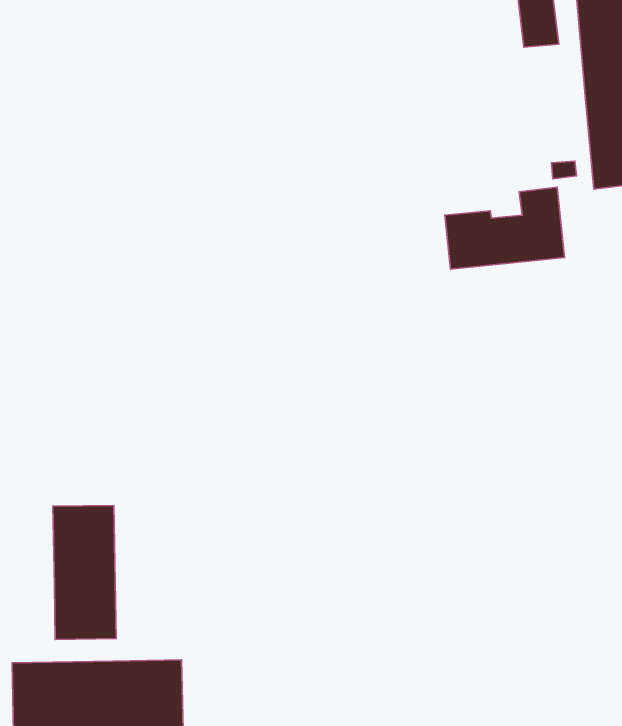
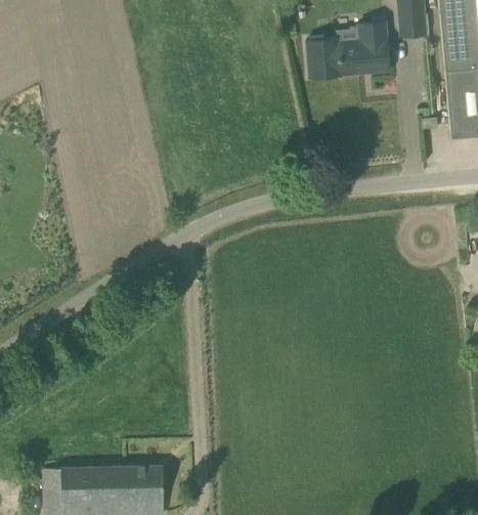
building: [445,187,565,269] -> [306,20,390,78]
building: [53,505,116,639] -> none

